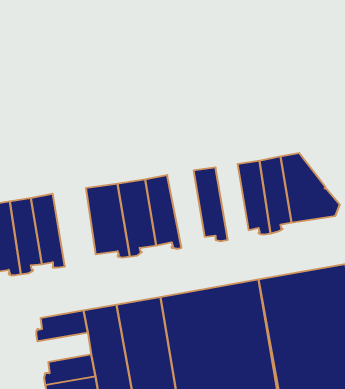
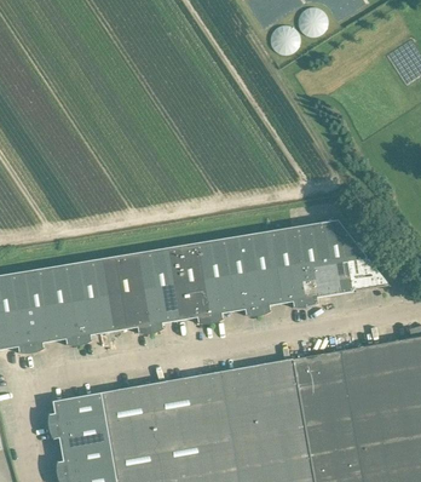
building: none -> [246,231,282,315]
building: none -> [192,239,233,323]
building: none -> [67,258,114,344]
building: none -> [50,417,109,449]

